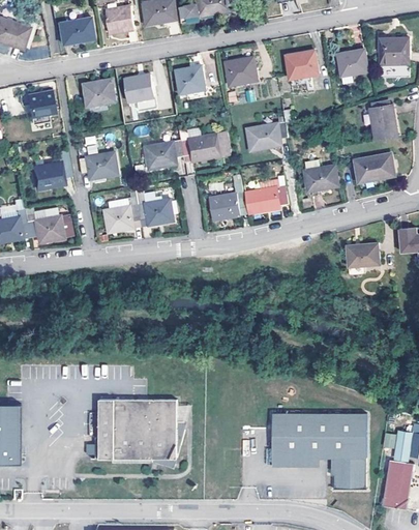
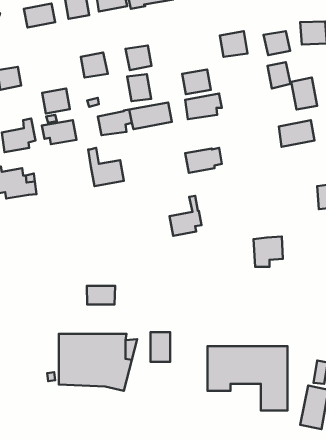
building: [225,56,258,85] -> [182,69,211,94]
building: [84,79,116,108] -> [42,89,70,113]
building: none -> [268,62,291,89]
building: none -> [127,74,151,101]
building: [303,165,338,192] -> none
building: [209,174,246,220] -> [169,196,202,236]
building: [103,206,140,233] -> none
building: [346,242,380,277] -> [253,237,283,267]
building: none -> [87,286,115,305]
building: none -> [150,332,170,362]

